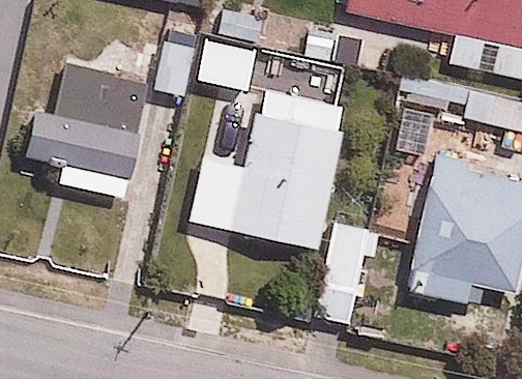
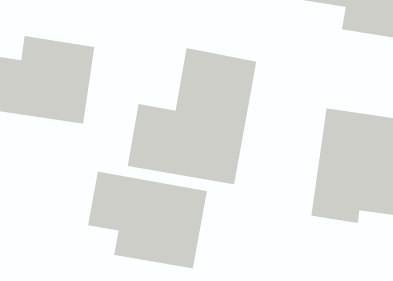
building: none -> [87,171,208,269]

